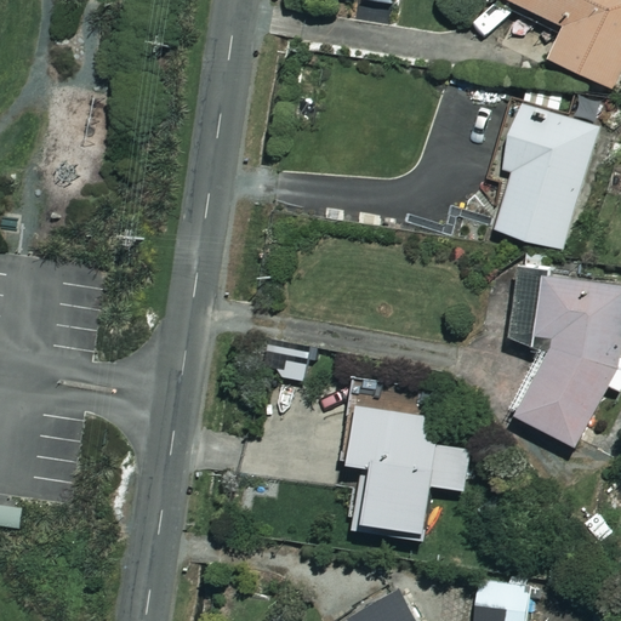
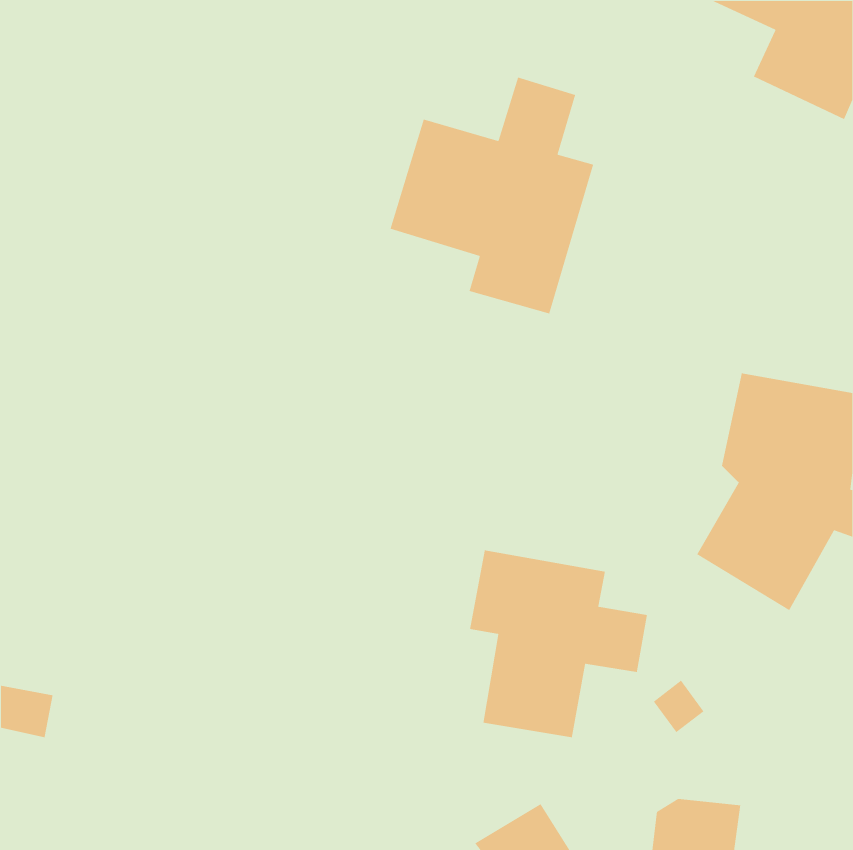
building: none -> [390,77,594,315]
building: [494,103,600,251] -> none

